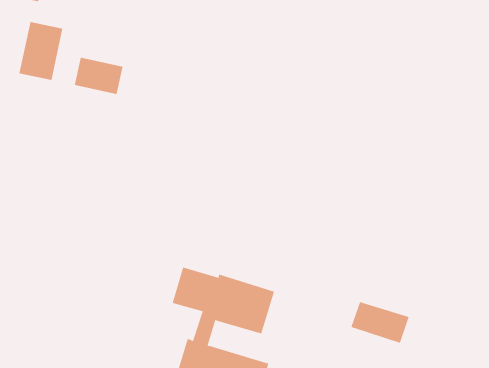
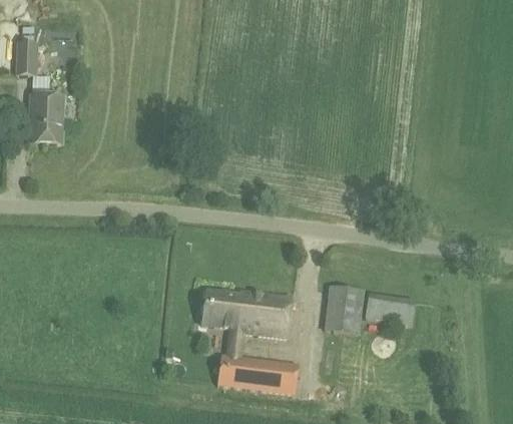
building: [74,57,123,95] -> none
building: none -> [323,284,364,334]

